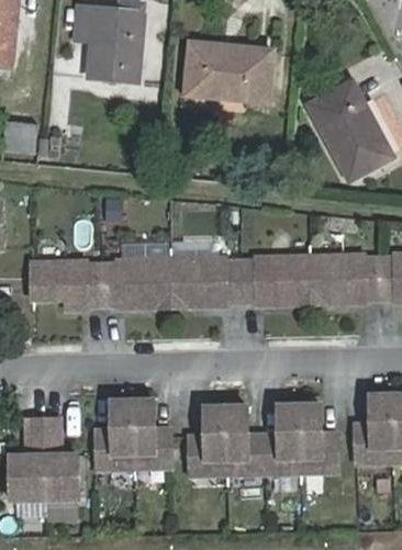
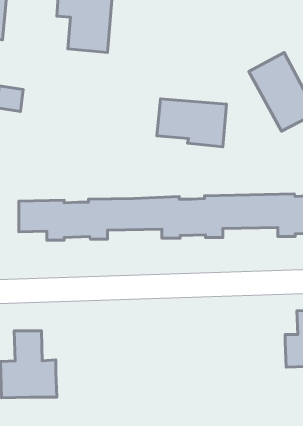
building: [188,43,272,101] -> [157,99,227,147]
building: [94,400,170,469] -> none
building: [188,403,337,474] -> none

